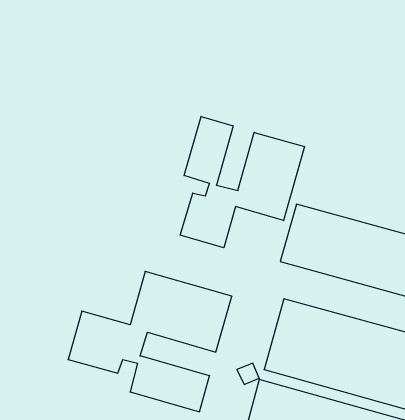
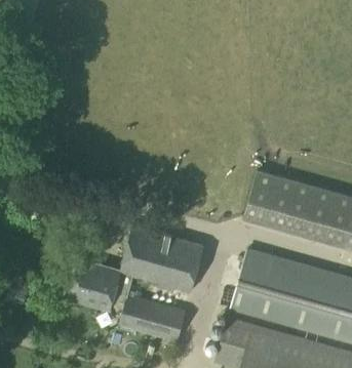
building: [180,116,305,248] -> none

